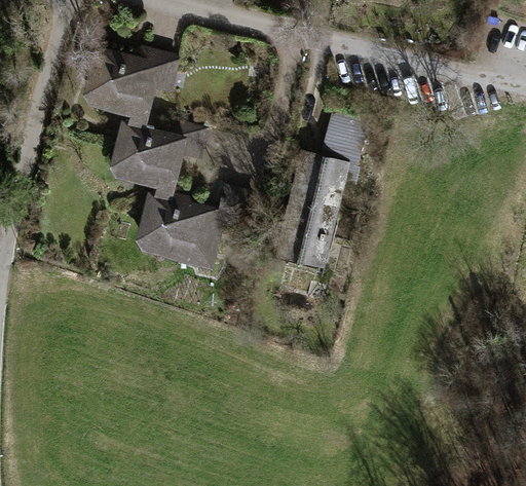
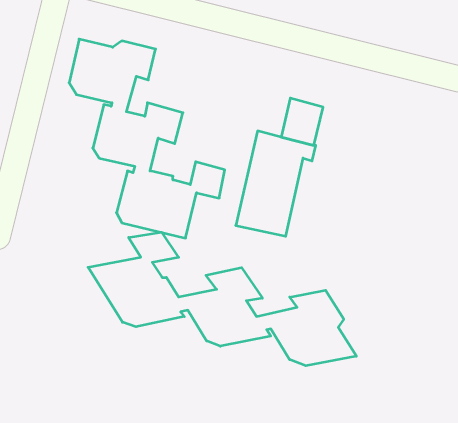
building: none -> [88,232,356,366]

